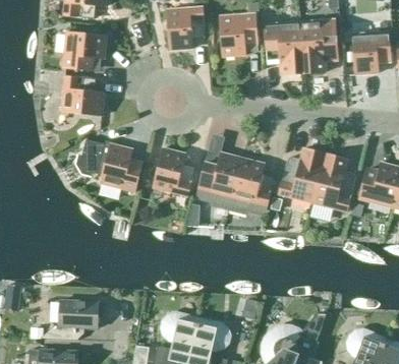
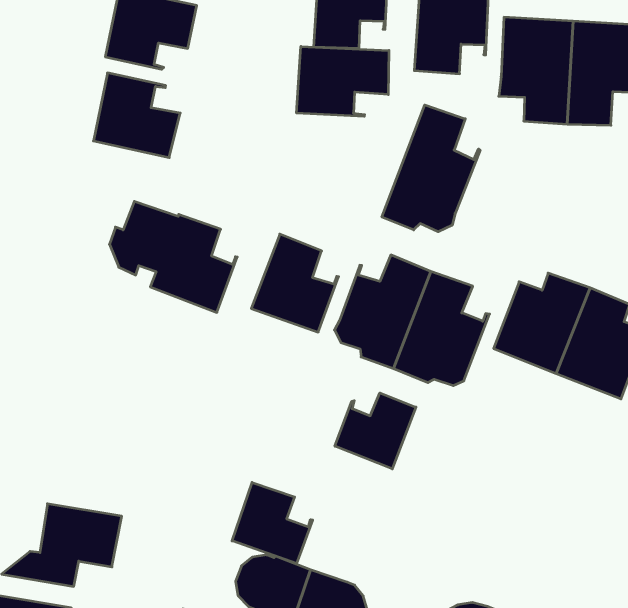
building: none -> [297,46,389,116]
building: none -> [382,105,480,232]
building: none -> [335,393,416,469]
building: none -> [232,482,313,564]

